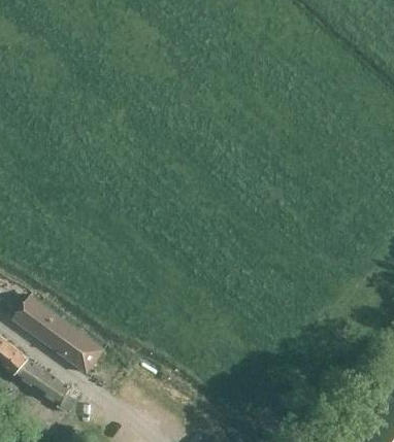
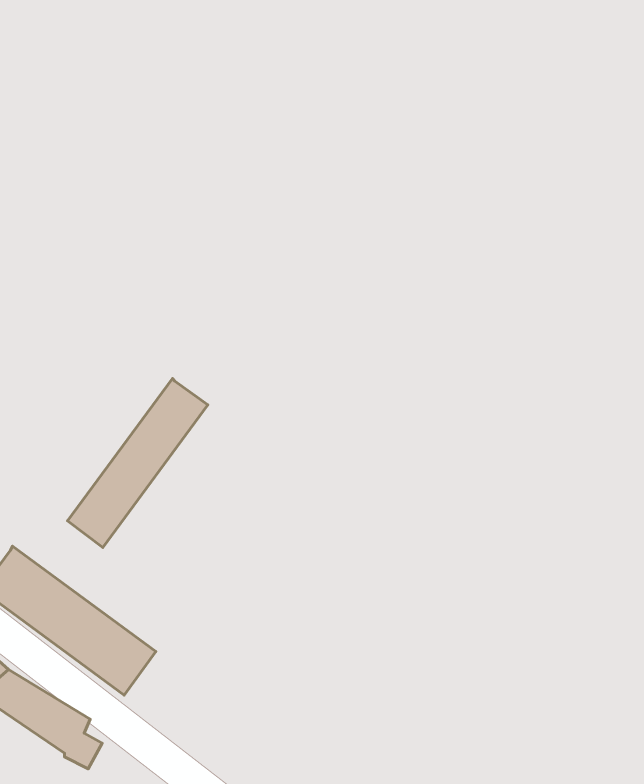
building: none -> [67,378,208,547]

